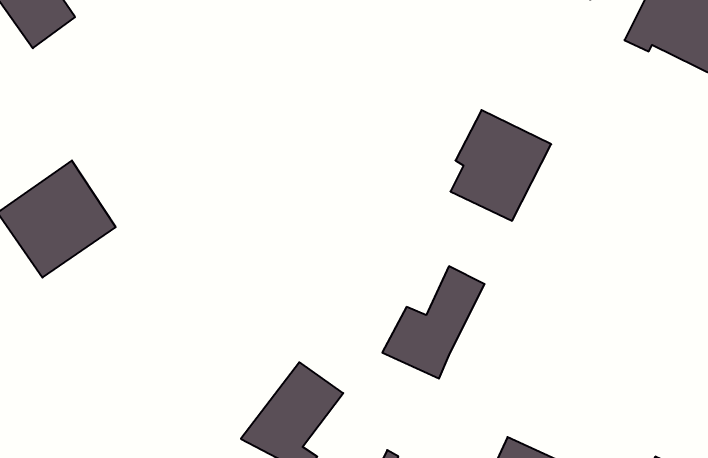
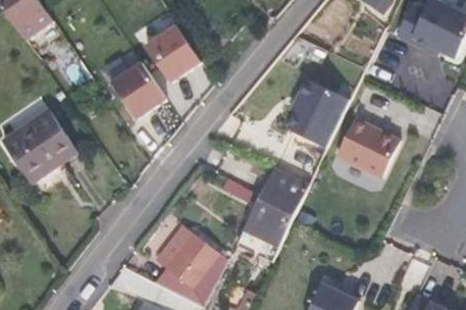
building: none -> [146,25,200,82]
building: none -> [111,62,166,119]
building: none -> [336,117,399,176]

